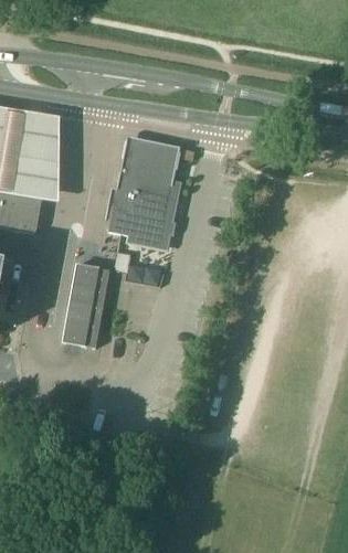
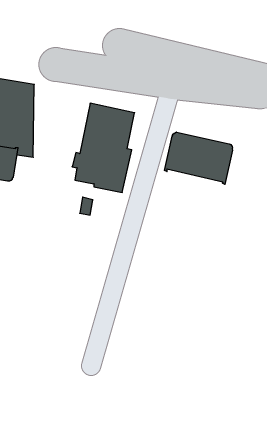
building: none -> [165,132,233,184]
building: [63,262,110,345] -> none

